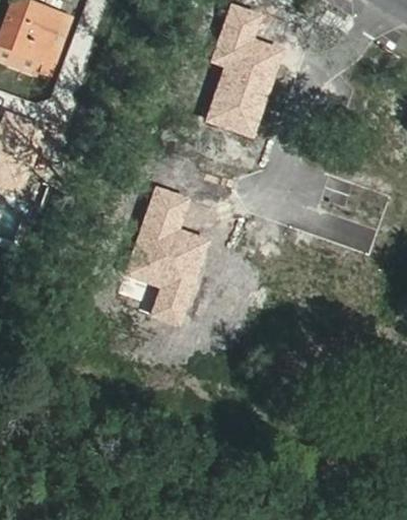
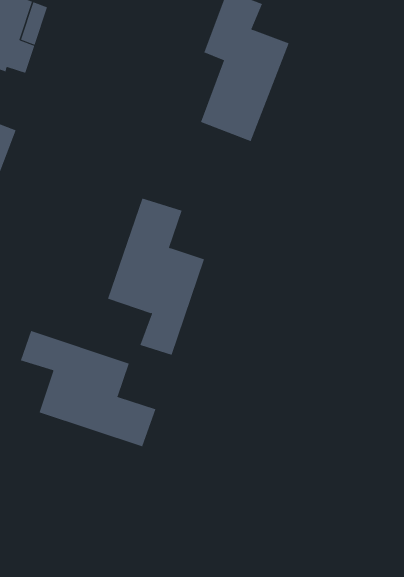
building: none -> [20,330,156,447]

